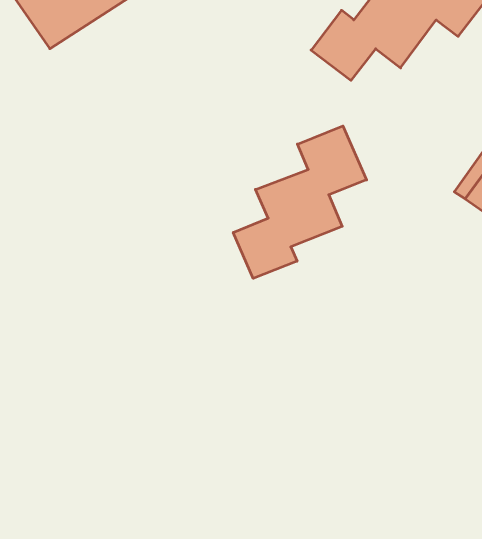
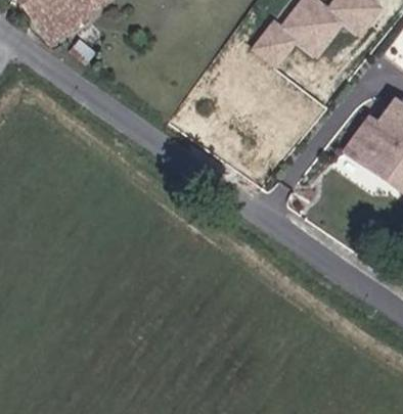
building: [233,126,367,278] -> none

